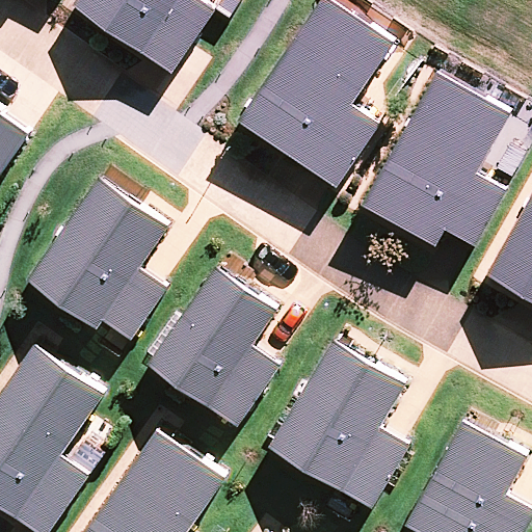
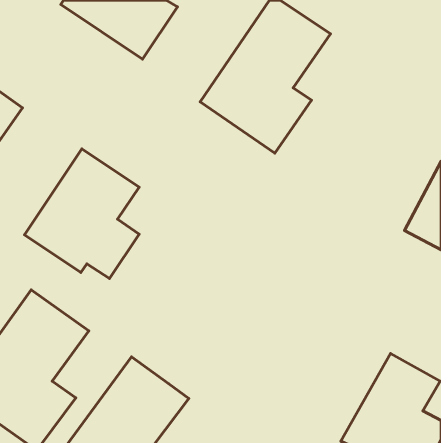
building: [362,74,512,257] -> none
building: [148,266,278,426] -> none
building: [270,343,407,505] -> none

